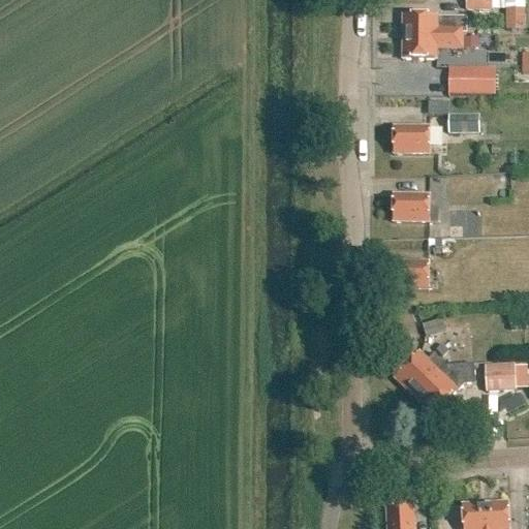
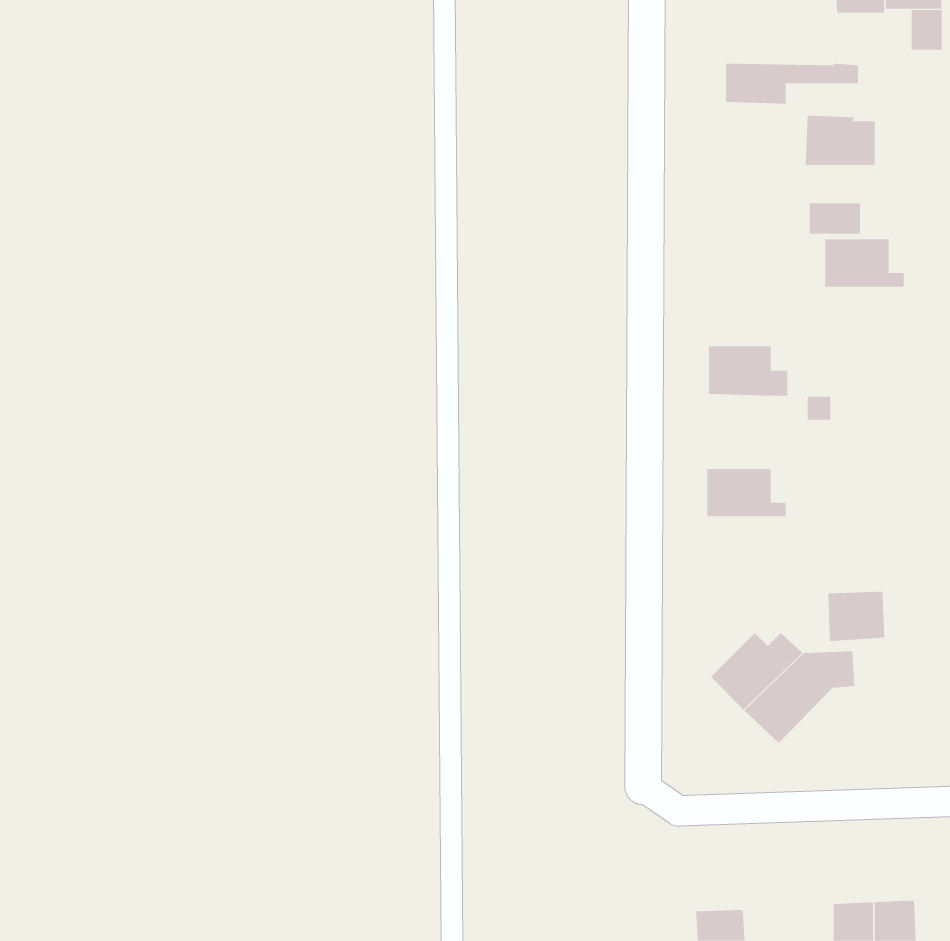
building: [403,13,467,36] -> none
building: [394,125,438,152] -> [825,239,905,287]
building: [485,363,517,391] -> [827,591,885,641]

